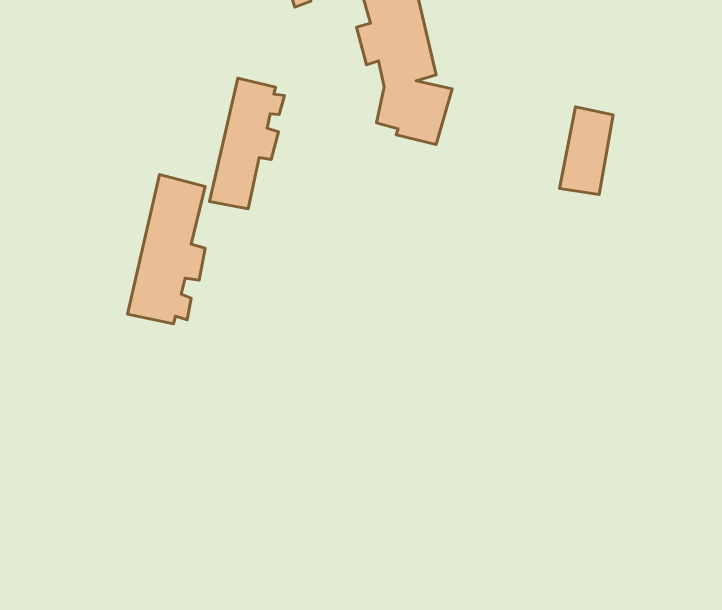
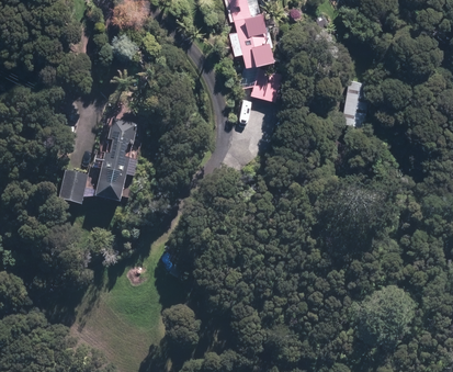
building: [210,78,284,209] -> none
building: none -> [63,168,97,202]

